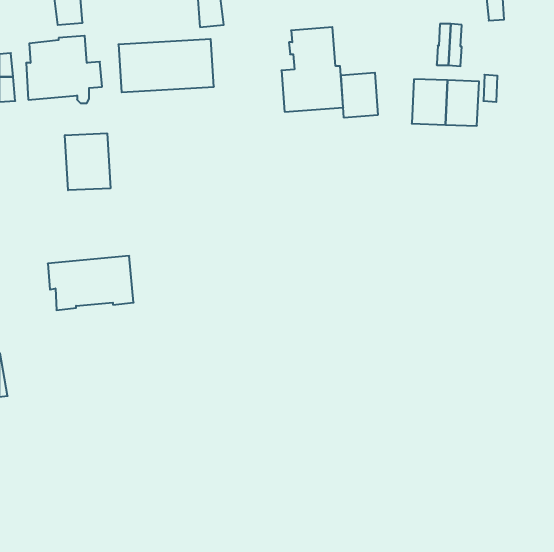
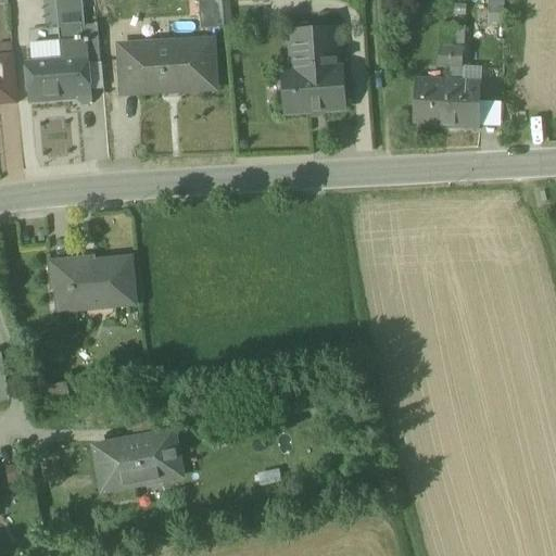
building: none -> [58,22,100,63]
building: [341,73,378,118] -> none
building: [65,133,110,190] -> none
building: none -> [93,431,180,490]

